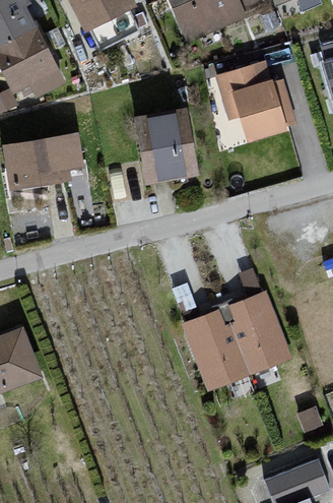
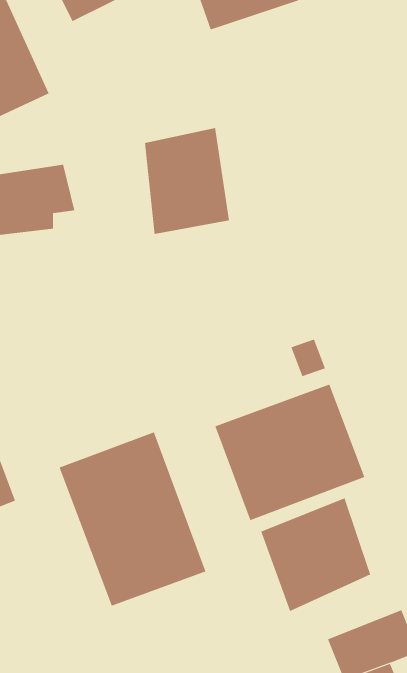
building: [218,58,297,139] -> none
building: none -> [59,431,206,606]
building: none -> [261,498,371,612]

